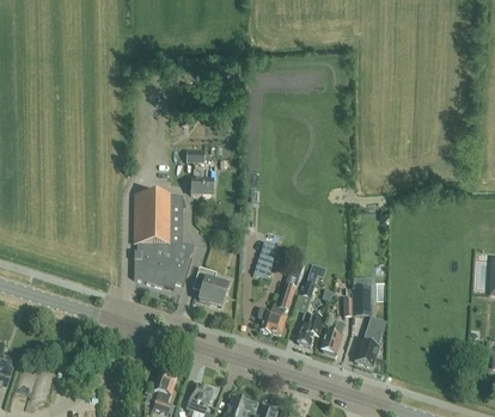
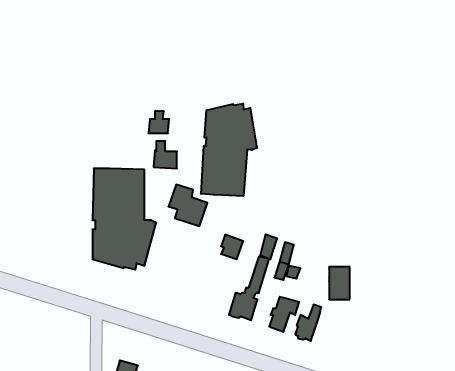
building: none -> [201,103,257,196]
building: [192,268,228,306] -> [168,185,207,226]
building: [355,321,384,366] -> none

